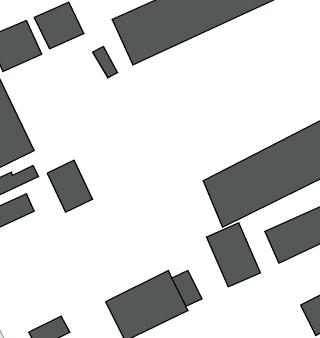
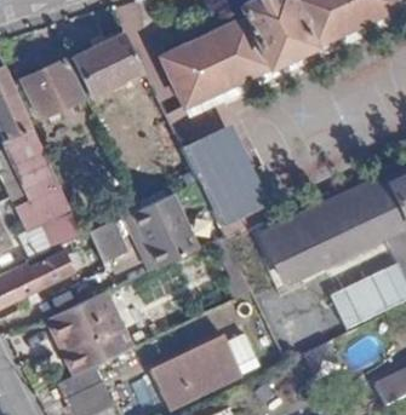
building: none -> [184,126,270,227]
building: none -> [126,197,196,265]
building: none -> [46,292,131,373]

